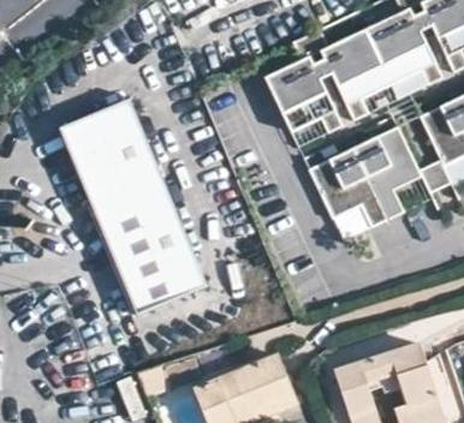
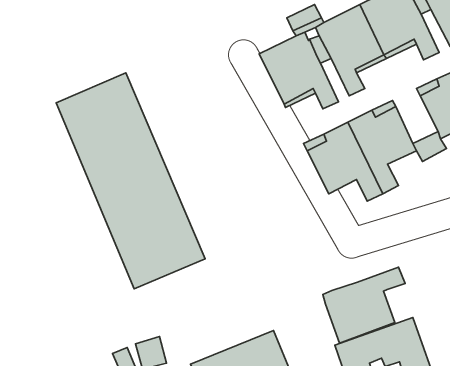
building: none -> [323,267,405,343]

